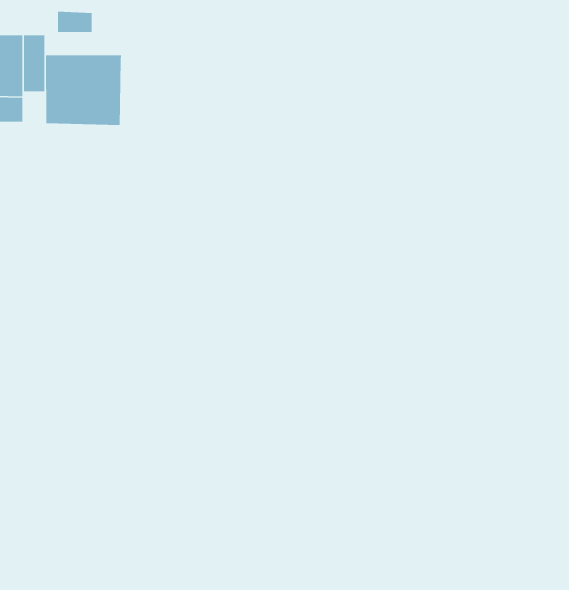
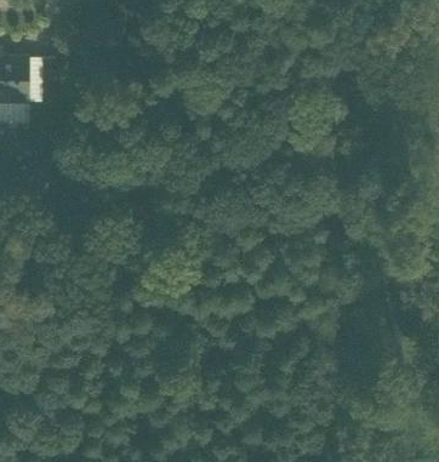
building: [45,54,122,126] -> none

